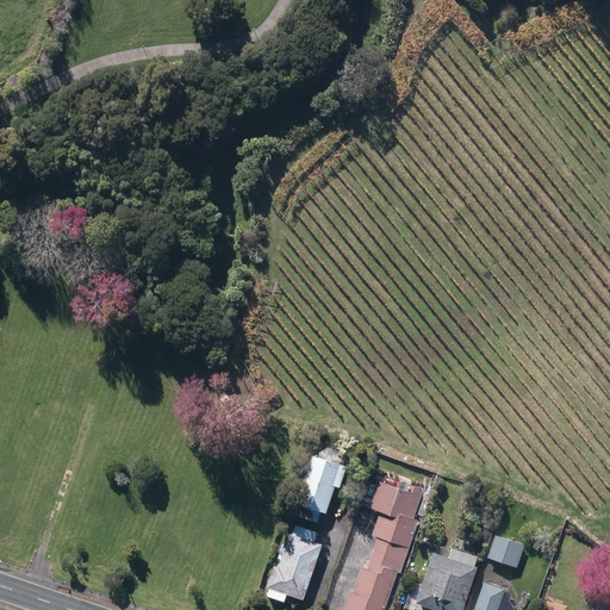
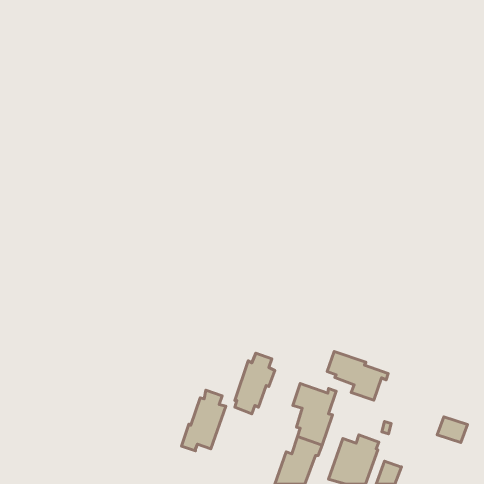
building: none -> [327,351,388,400]
building: [266,524,322,600] -> [181,390,226,451]
building: [487,535,525,567] -> [437,417,468,442]

